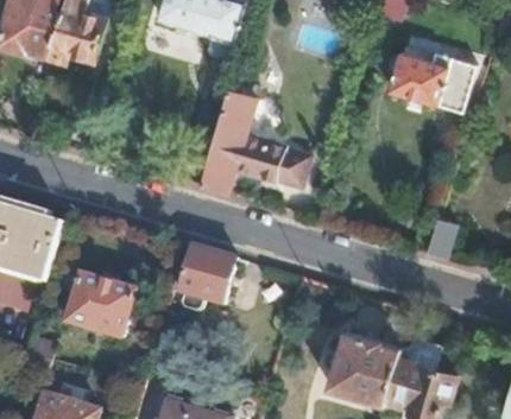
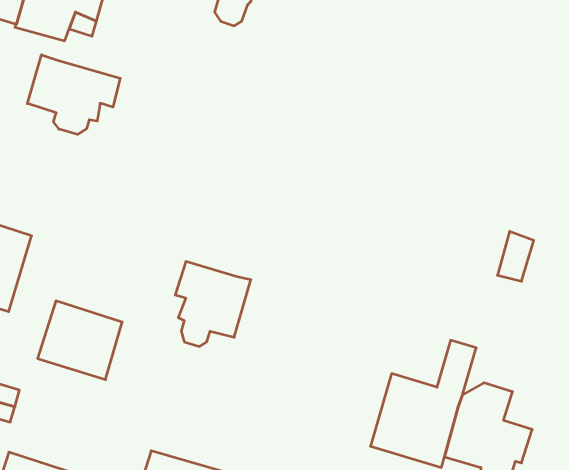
building: [387,47,473,110] -> none
building: none -> [27,55,120,134]
building: [200,83,310,196] -> none

